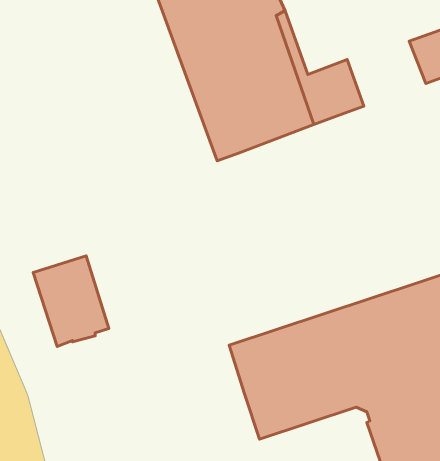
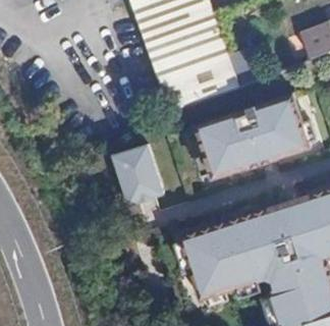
building: none -> [193,95,309,180]
building: [33,256,109,347] -> [111,146,162,207]

